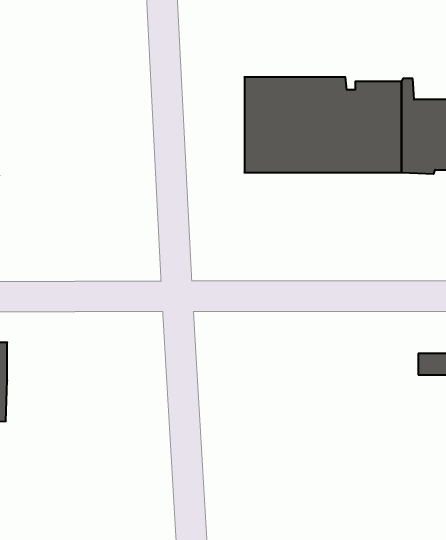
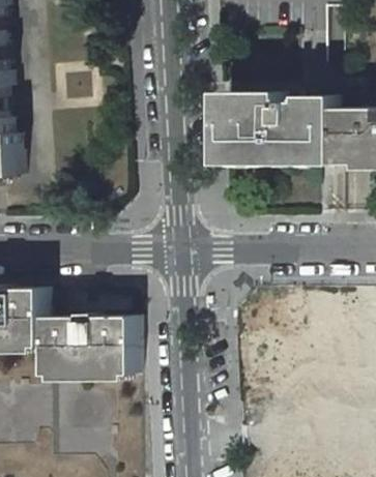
building: none -> [38,317,128,377]

